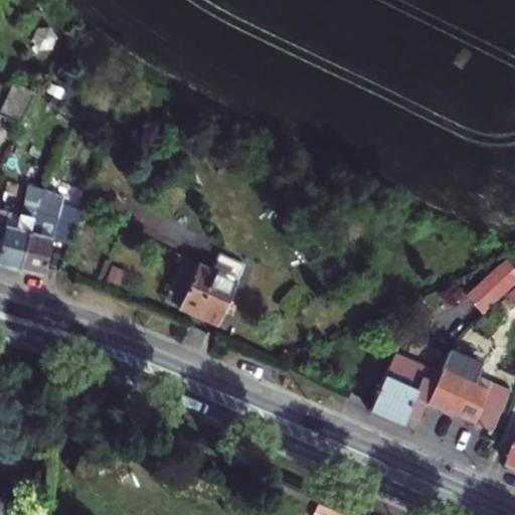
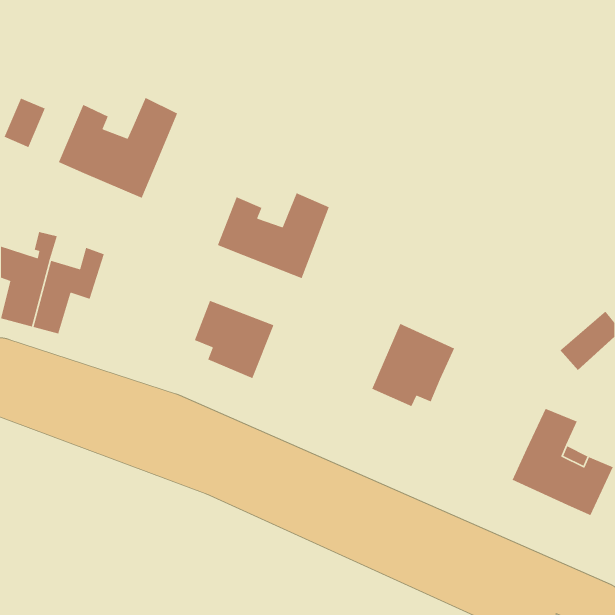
building: none -> [58,97,178,199]
building: none -> [217,192,330,279]
building: [369,354,440,424] -> [371,323,455,407]

